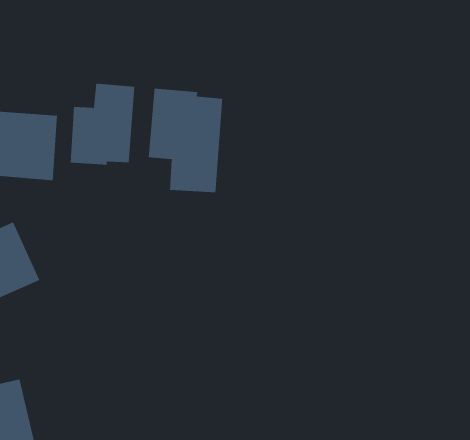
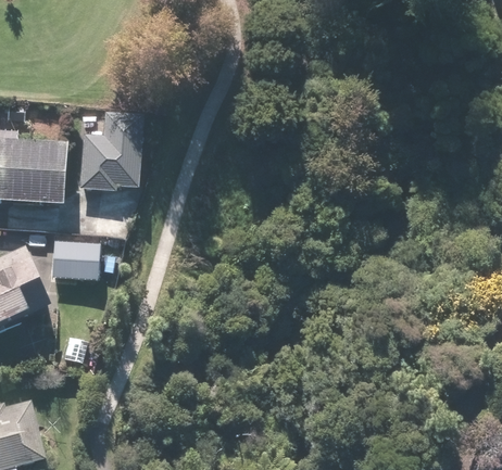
building: [148,88,223,193] -> none
building: none -> [50,241,99,281]

